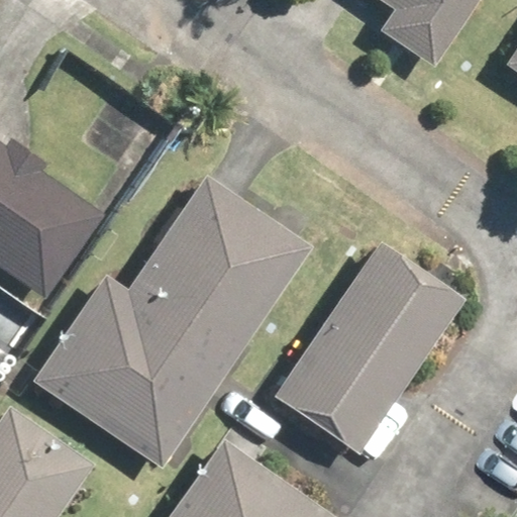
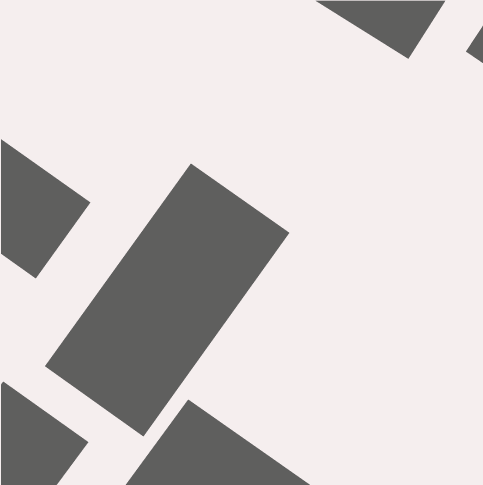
building: [271,240,468,458] -> none

